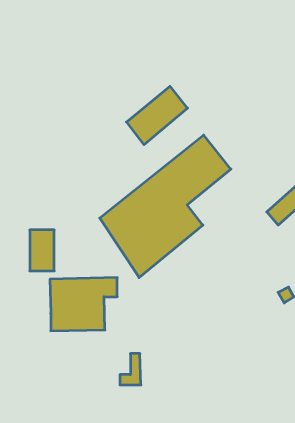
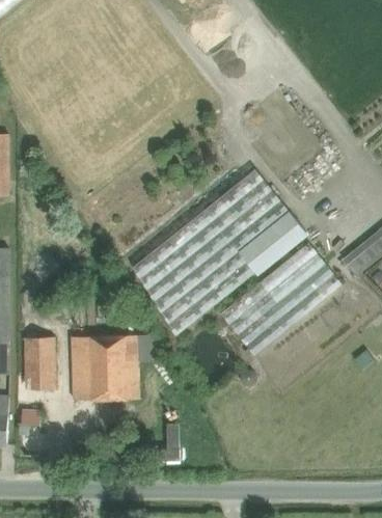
building: [126,86,188,145] -> [237,208,309,277]
building: none -> [221,244,343,356]
building: [30,230,54,271] -> [26,339,55,388]

